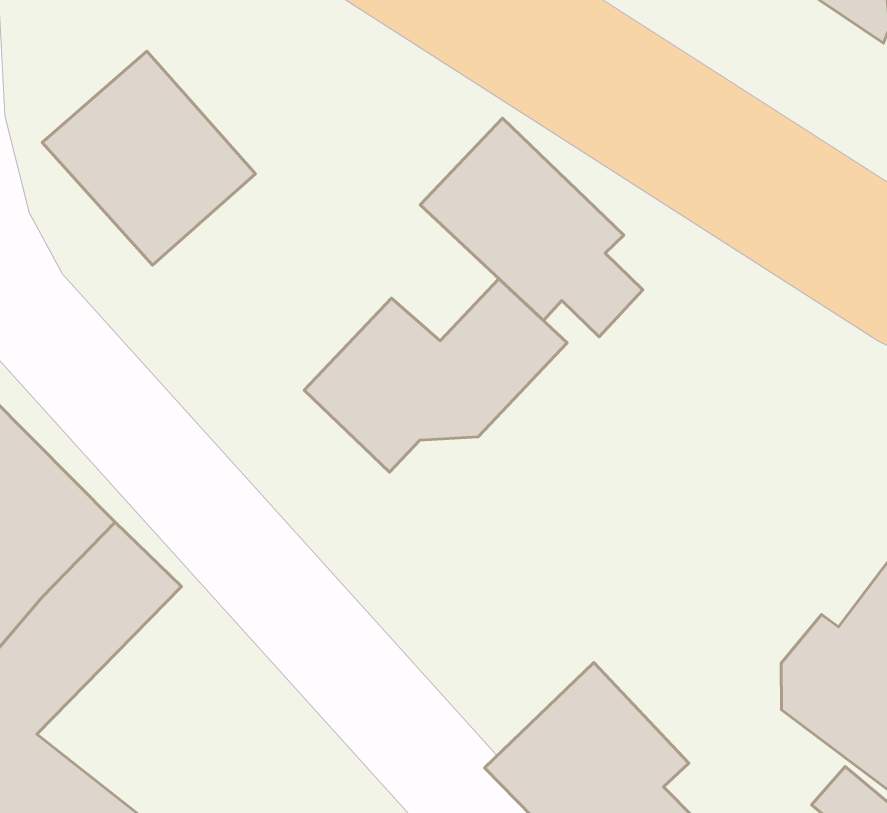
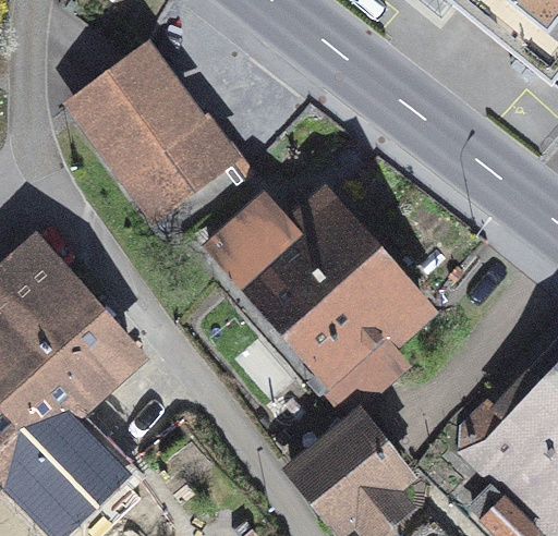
building: [420,118,643,337] -> none
building: none -> [133,115,254,236]
building: none -> [255,231,426,405]

